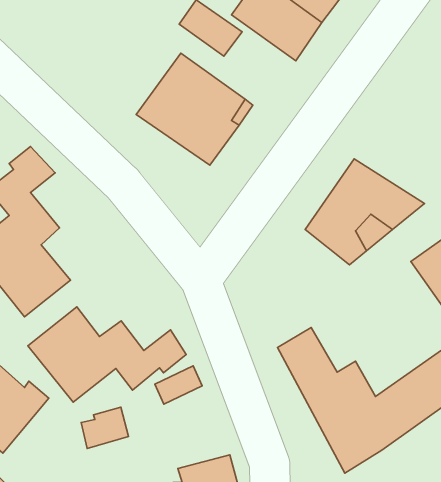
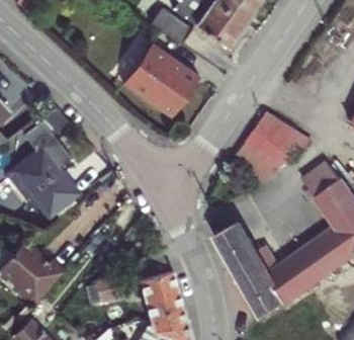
building: [28,307,186,402] -> none
building: none -> [139,271,183,317]

